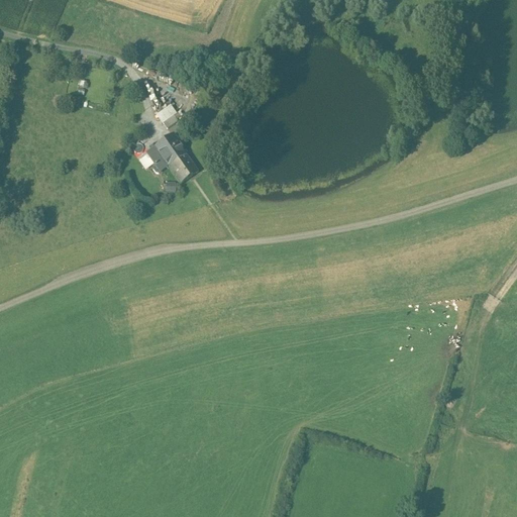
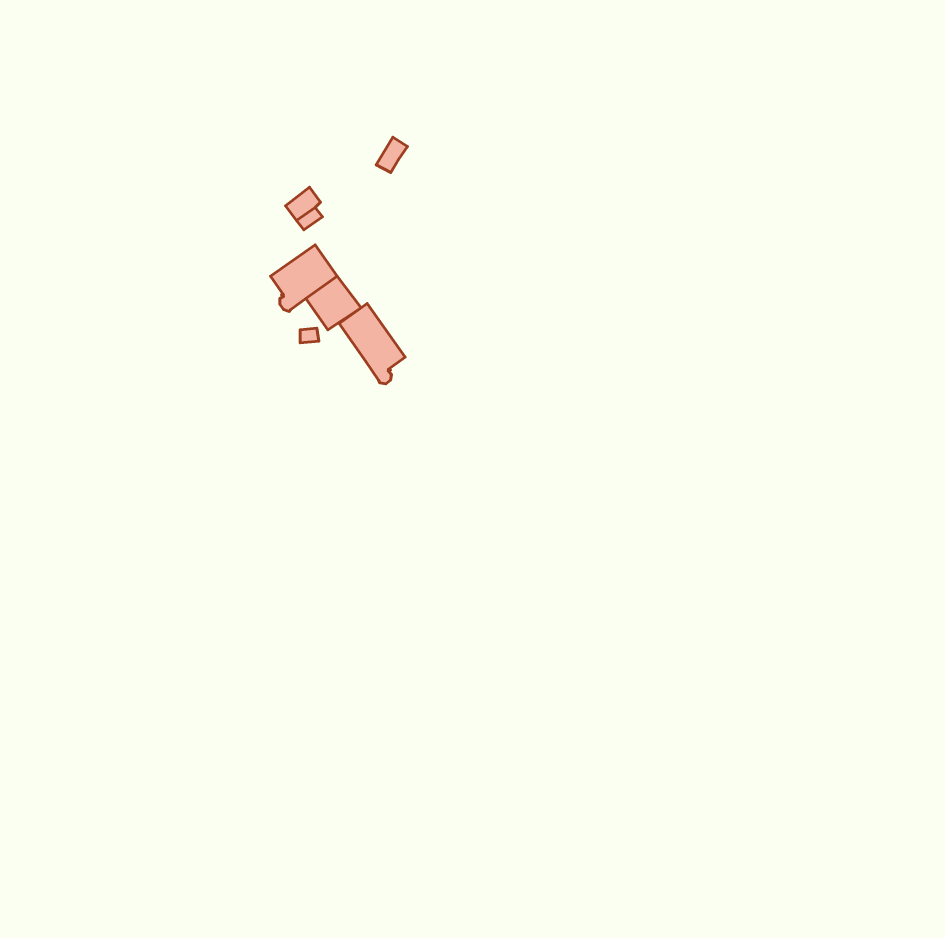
building: none -> [339,304,405,384]

